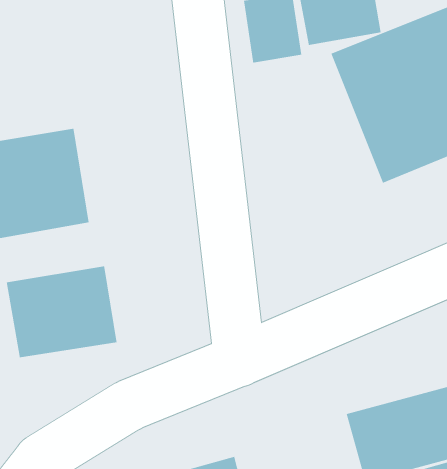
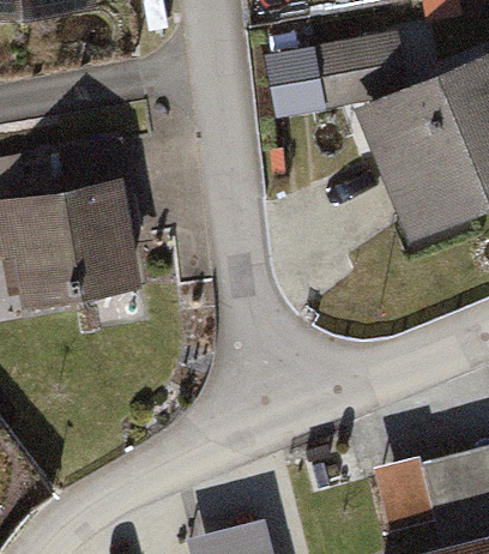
building: [6,265,117,358] -> none

